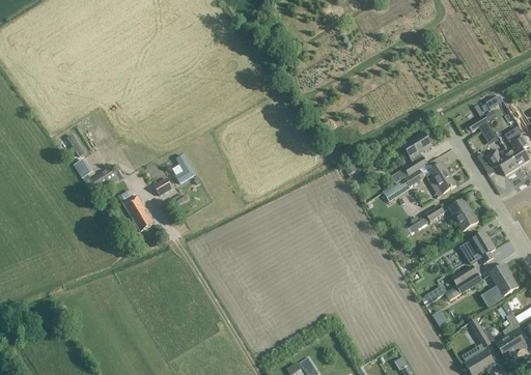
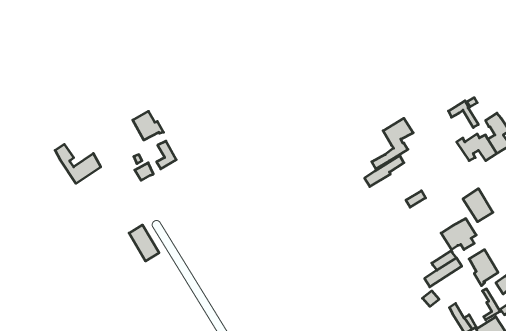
building: none -> [133,111,164,140]
building: [424,163,454,193] -> none
building: [122,194,152,230] -> [129,225,159,261]
building: [447,198,477,231] -> [463,189,493,222]

